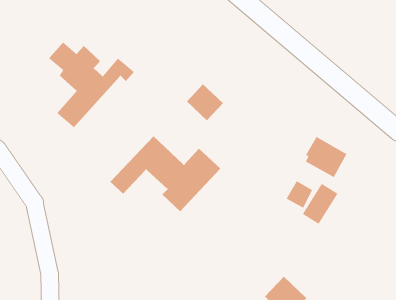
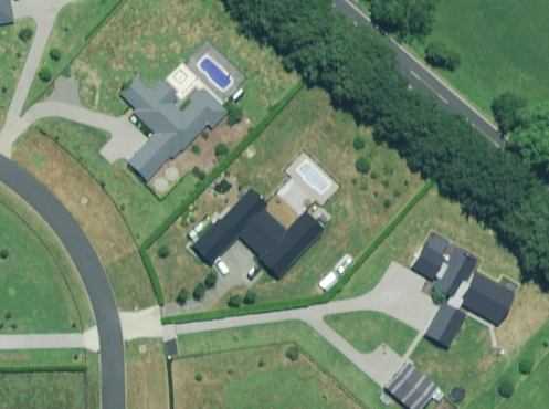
building: [186,84,224,121] -> none
building: [305,136,348,178] -> [461,272,514,324]
building: none -> [424,301,466,347]

